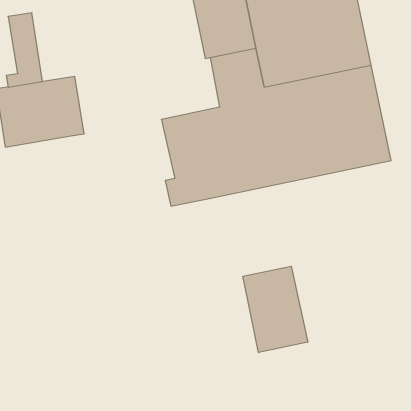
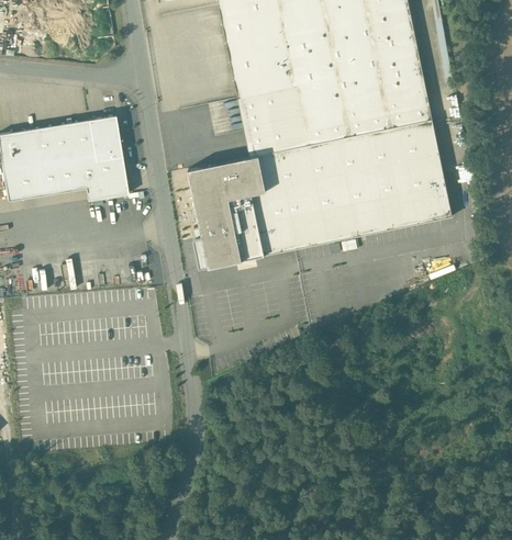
building: [6,13,42,87] -> [86,114,127,200]
building: [243,266,308,353] -> none

